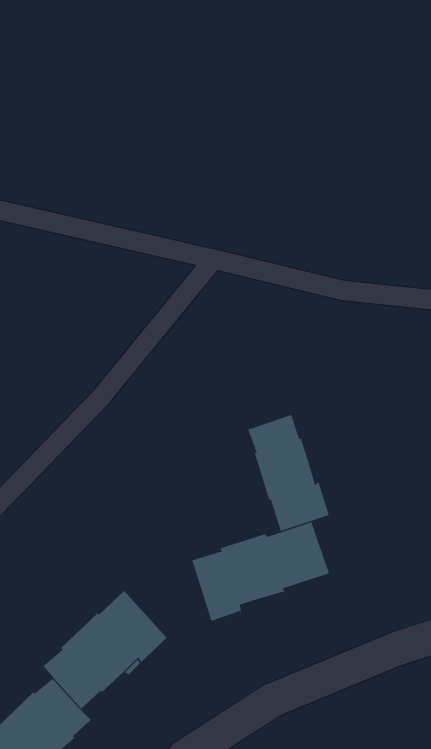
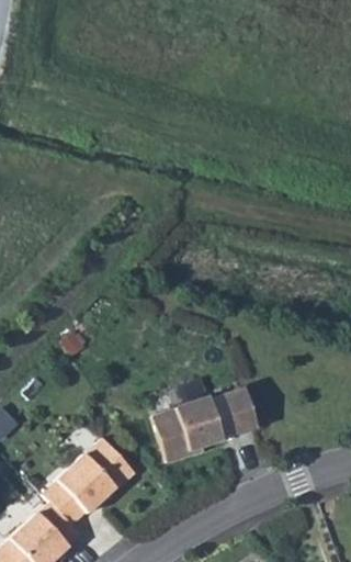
building: [247,414,330,532] -> none

